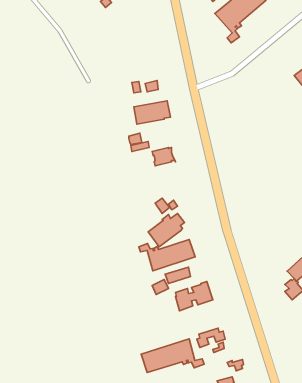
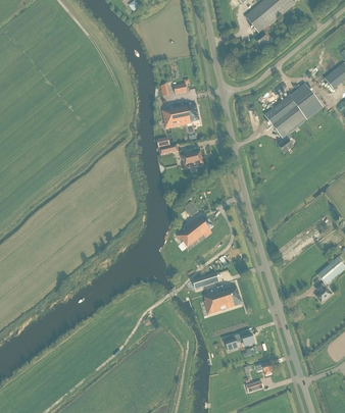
building: none -> [265,84,323,152]
building: [139,239,195,271] -> none
building: [141,339,204,372] -> none

